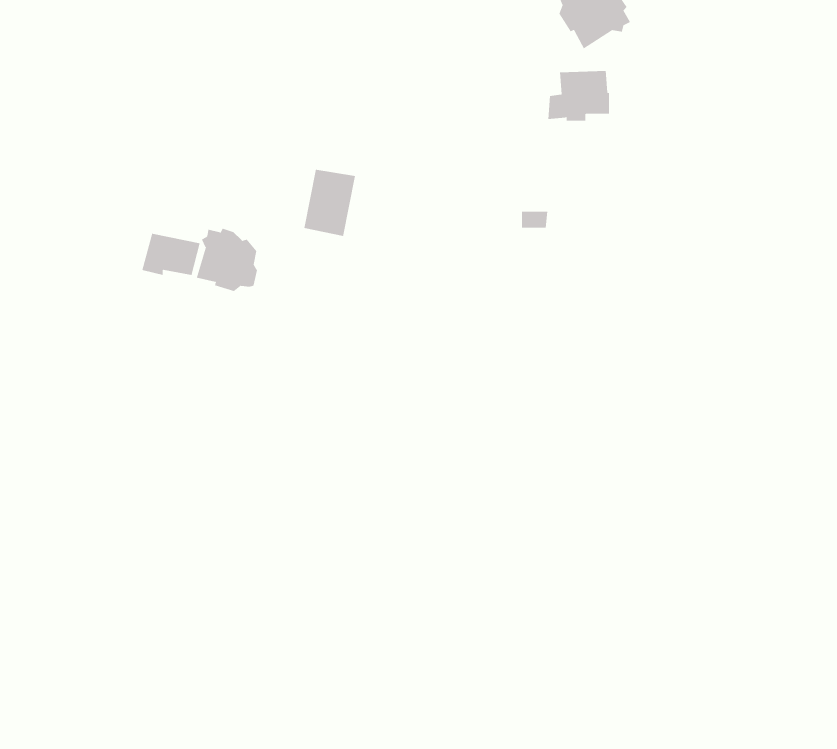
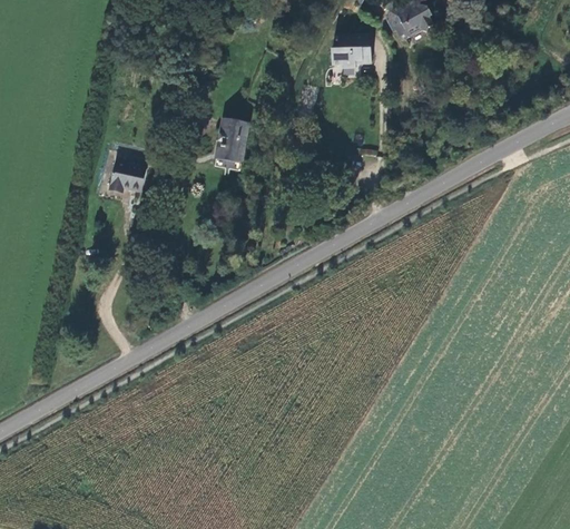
building: [547,70,610,121] -> [331,33,372,67]
building: [196,228,258,292] -> none

